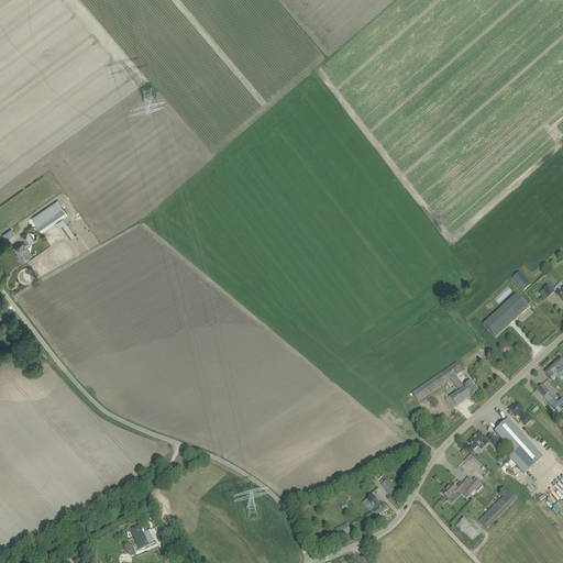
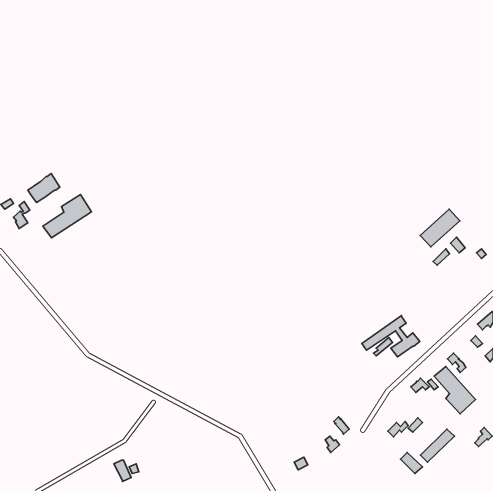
building: none -> [43,194,92,238]
building: [484,292,529,335] -> [420,209,460,247]

